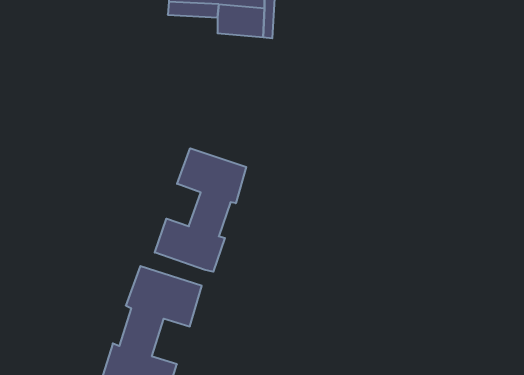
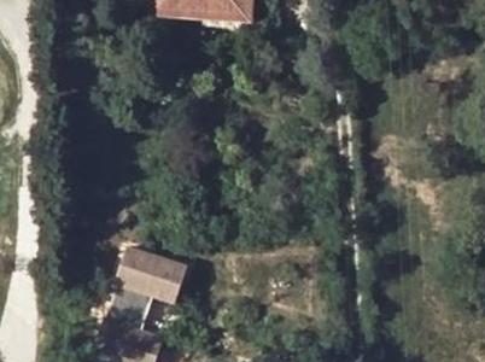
building: [155,148,246,272] -> none

